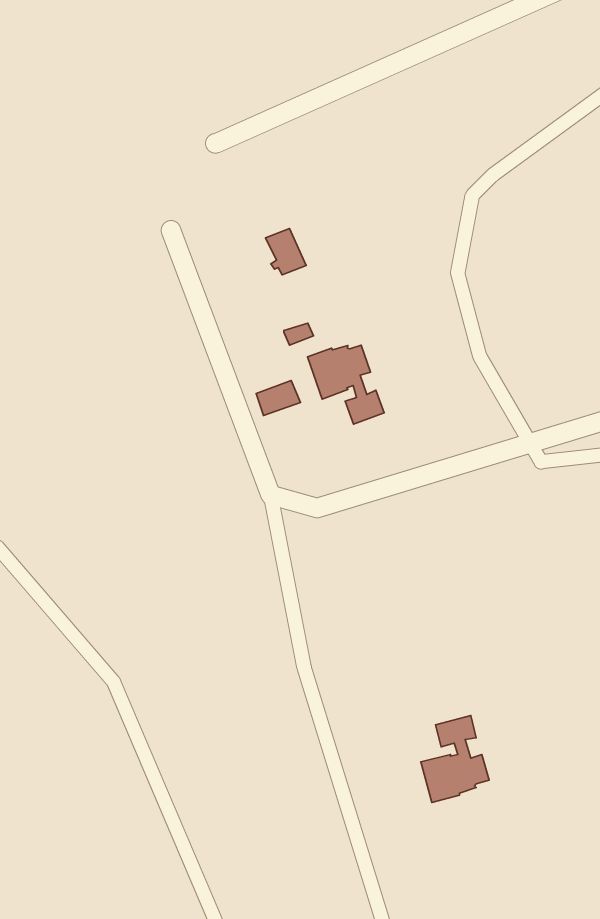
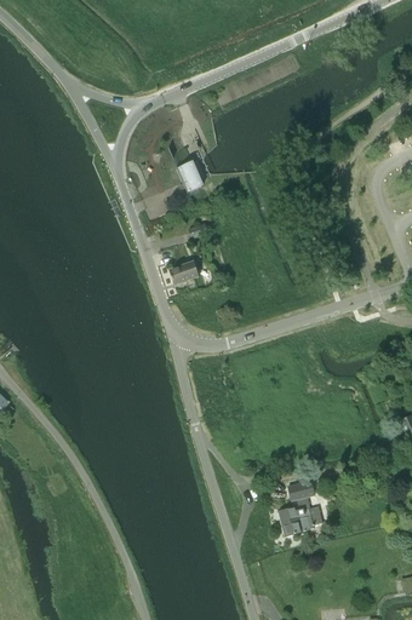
building: [307,345,384,424] -> none

